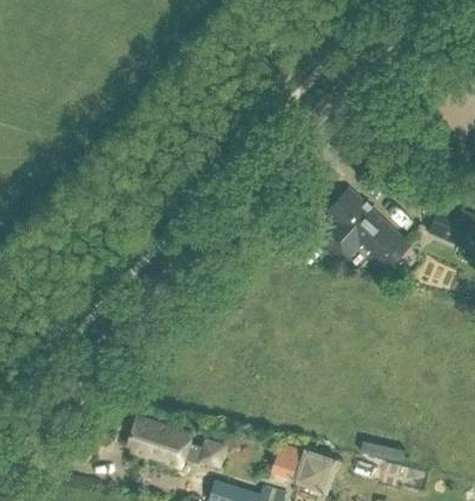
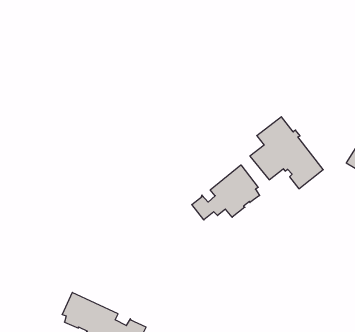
building: none -> [192,165,260,220]

